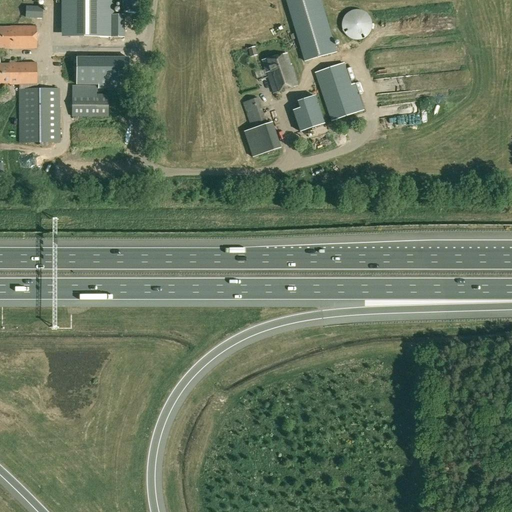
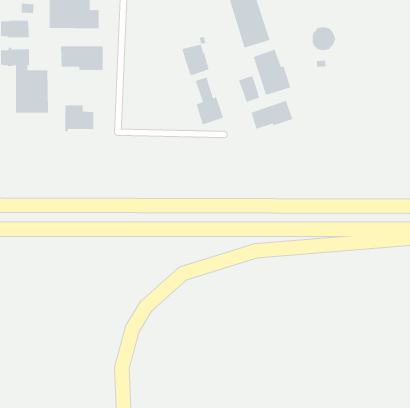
building: [342,8,372,38] -> [312,27,336,51]
building: [262,52,297,92] -> [181,44,209,76]
building: [72,84,109,118] -> [64,105,94,132]
building: none -> [251,100,293,129]

